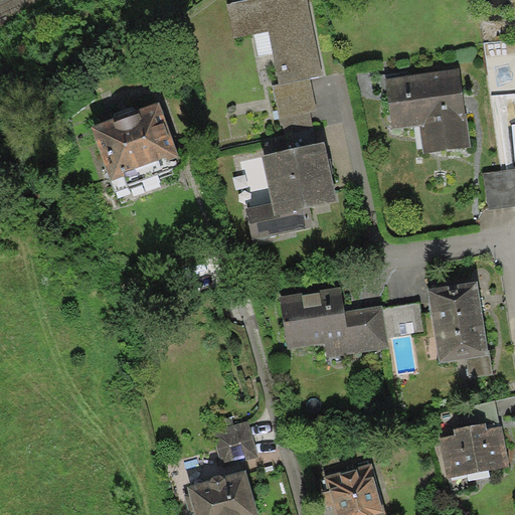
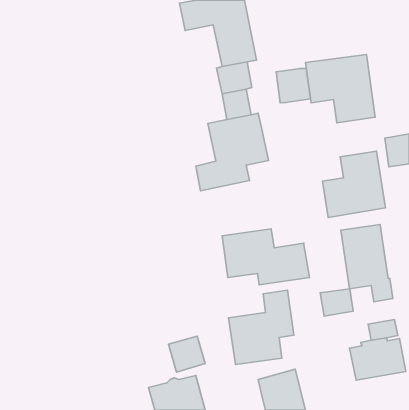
building: none -> [276,68,311,103]
building: [90,102,178,181] -> none
building: none -> [322,151,385,218]
building: [381,302,422,336] -> [320,289,353,316]
building: none -> [228,290,294,364]

